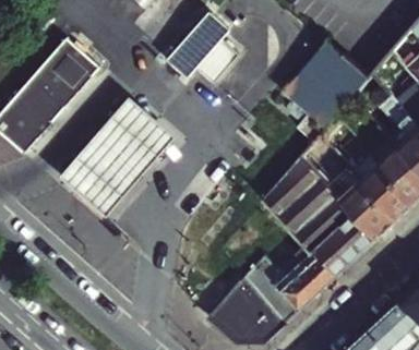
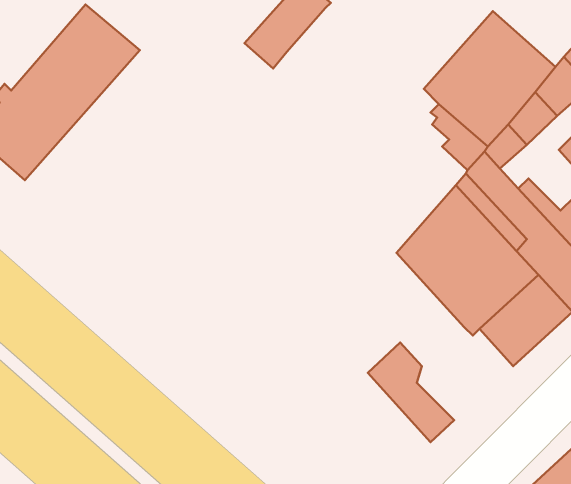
building: [194,39,239,84] -> none
building: [62,96,175,214] -> none
building: [278,245,340,305] -> none
building: [212,275,287,339] -> none

